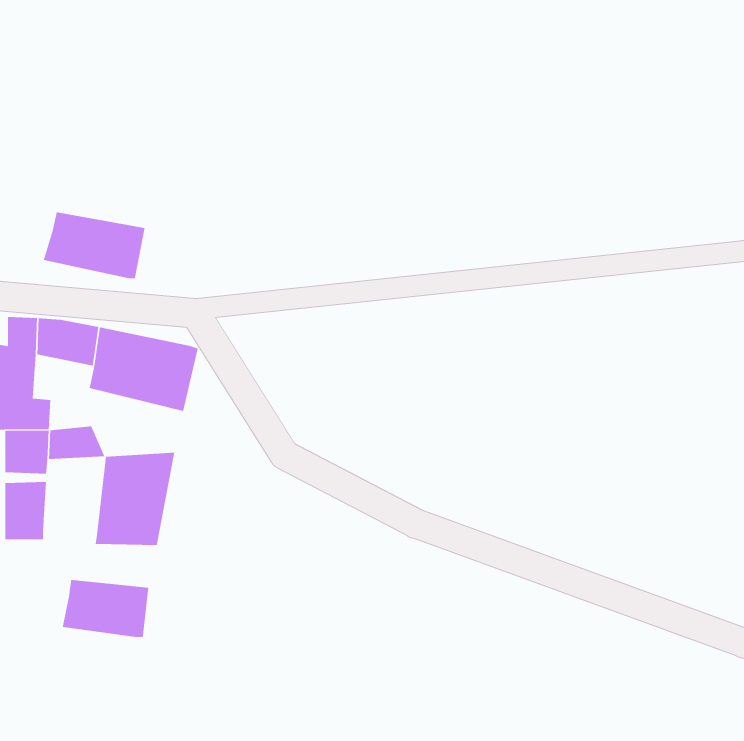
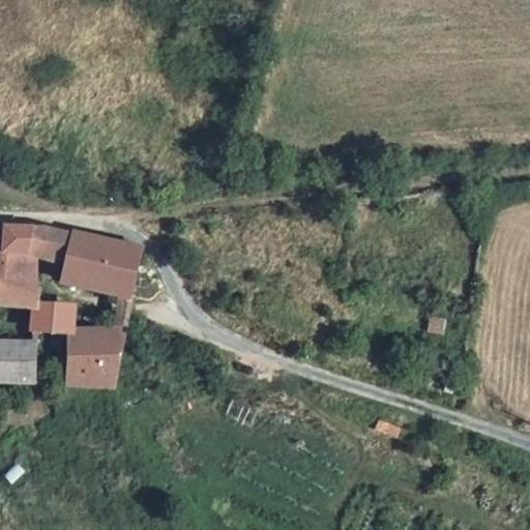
building: [43,211,145,279] -> none
building: [62,579,149,638] -> none

